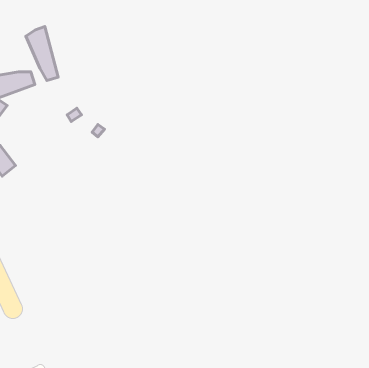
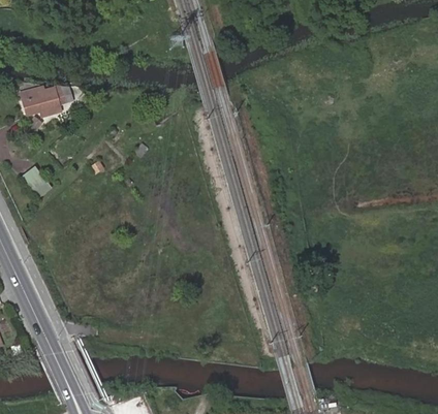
building: [26,27,58,81] -> none

